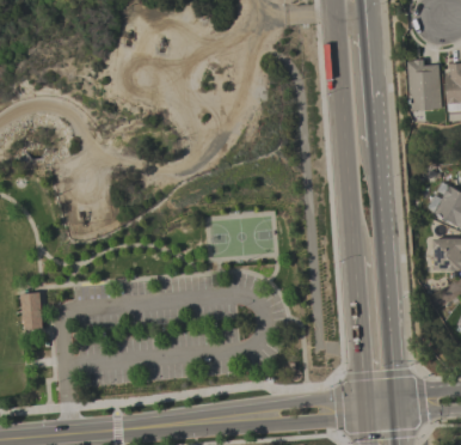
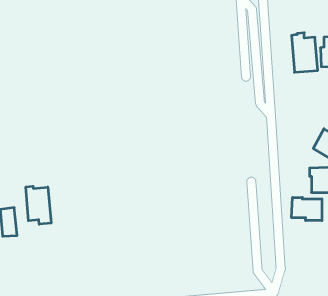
building: none -> [26,186,51,224]
building: none -> [292,197,322,221]

